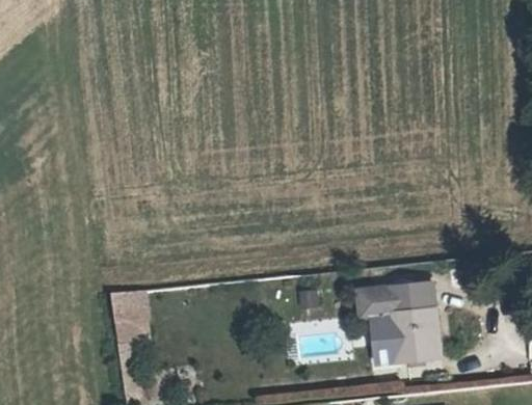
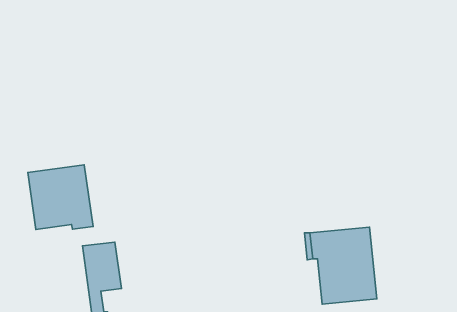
building: none -> [28,165,93,230]

